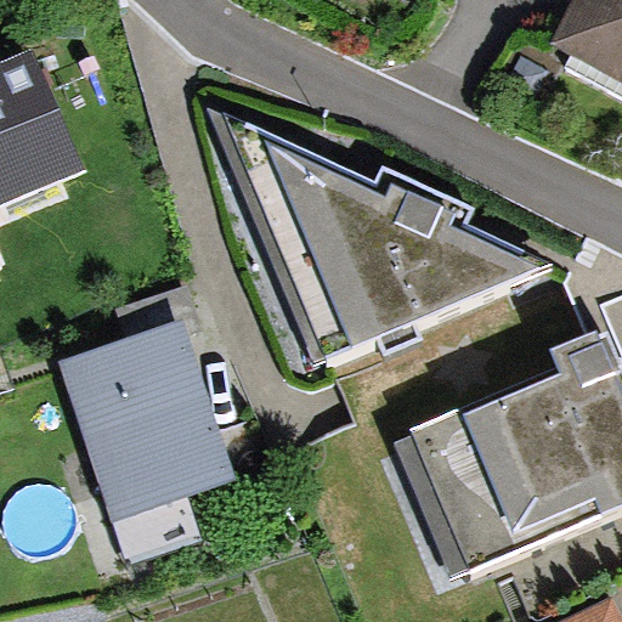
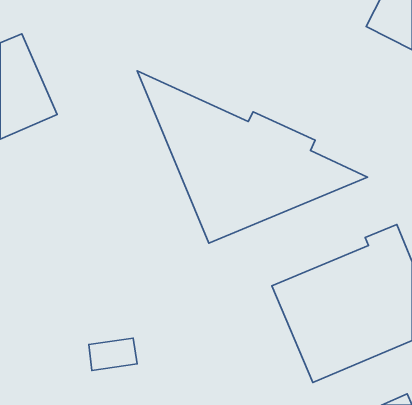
building: [55,281,237,524] -> none

